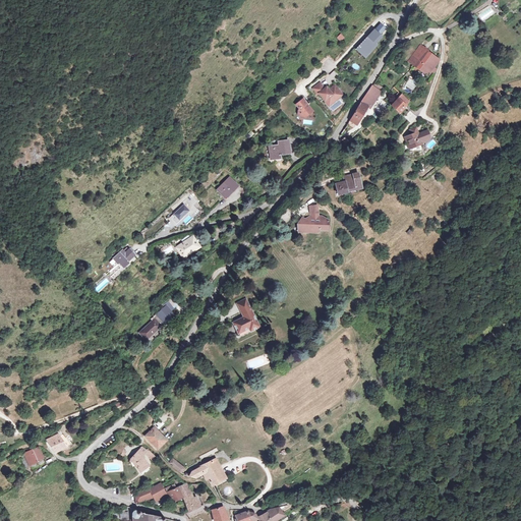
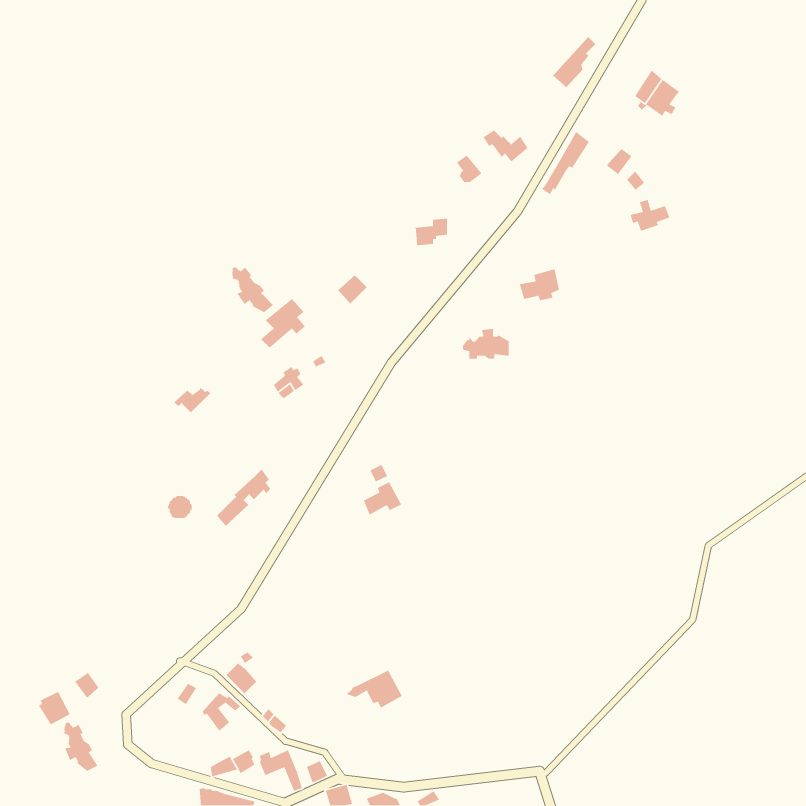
building: none -> [231,266,274,313]
building: [190,460,227,485] -> [346,669,403,709]
building: none -> [62,721,98,772]

